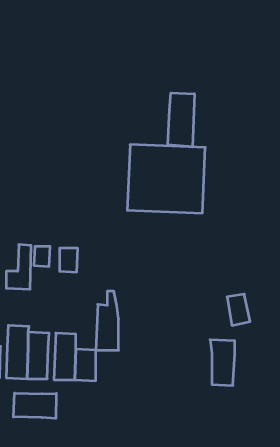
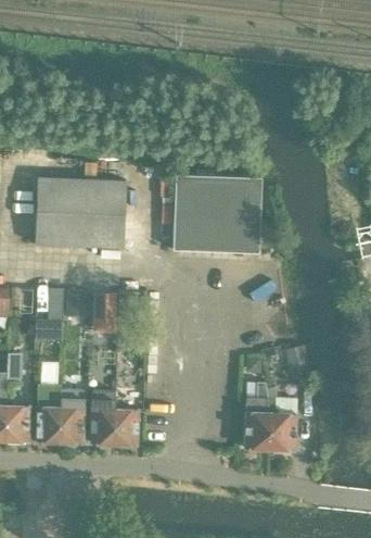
building: [168,93,194,147] -> none
building: none -> [36,178,126,249]
building: [96,291,119,350] -> [244,383,270,450]
building: [13,393,56,418] -> none

